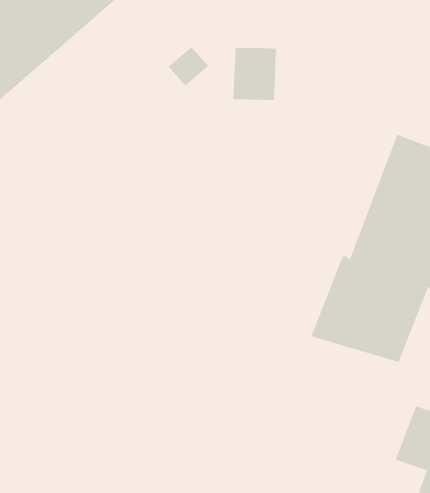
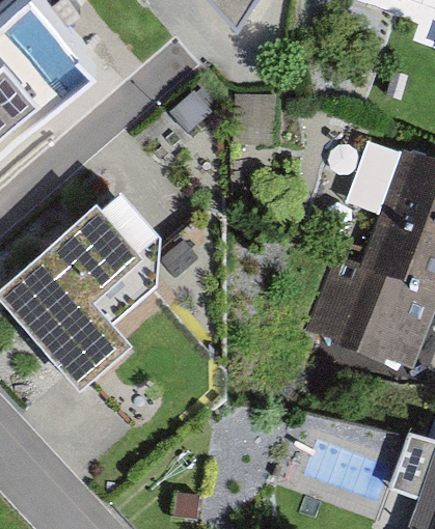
building: none -> [26,202,172,382]

